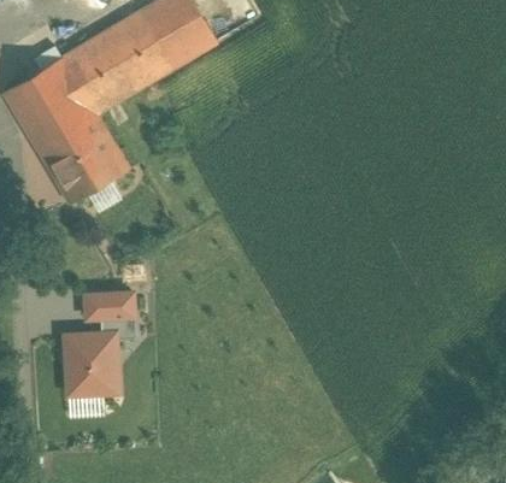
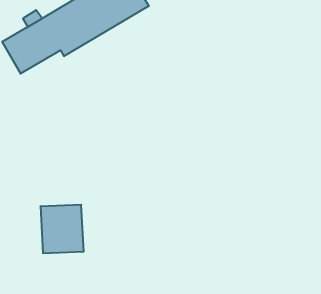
building: [30,107,126,205] -> none
building: [80,291,135,323] -> none

